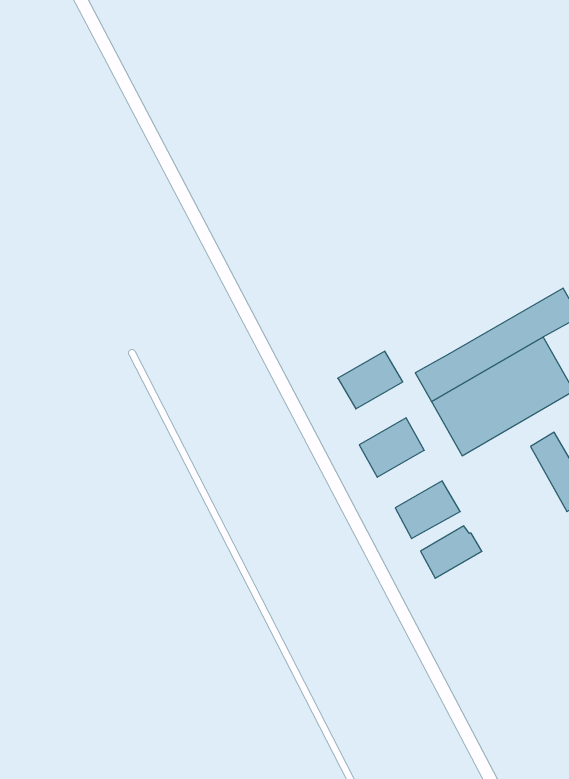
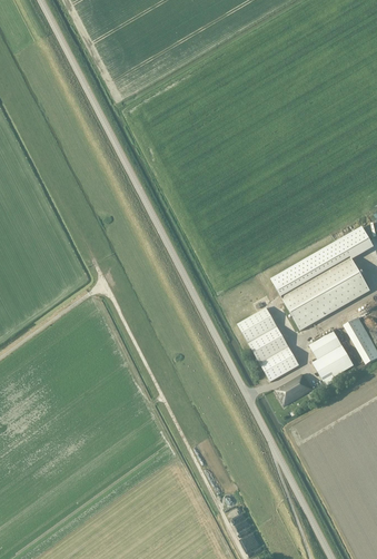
building: [338,351,403,409] -> [248,326,288,362]
building: none -> [308,331,353,385]

